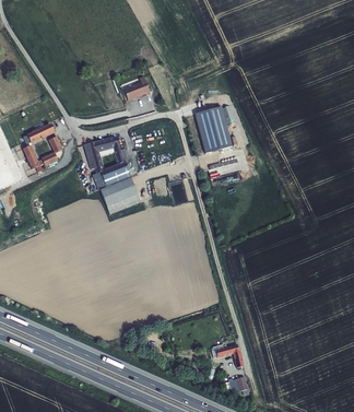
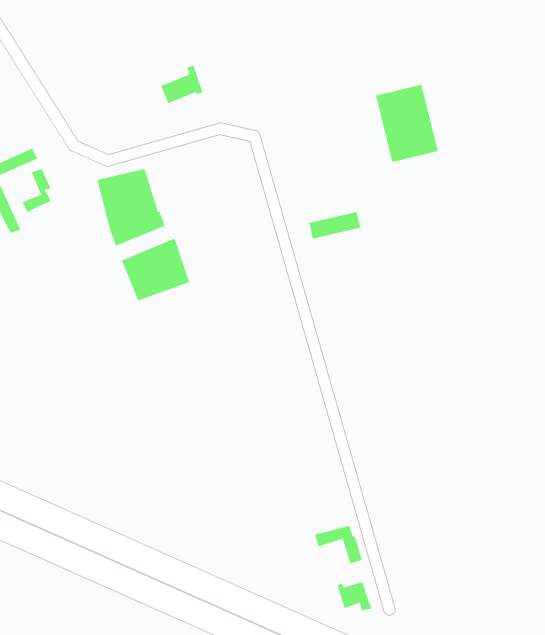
building: [196,106,233,152] -> [375,84,439,163]

